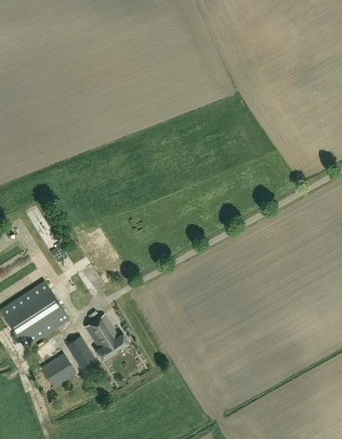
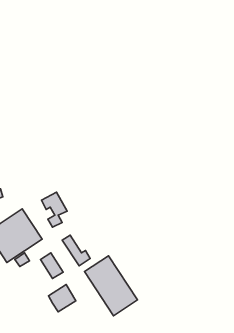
building: none -> [84,256,137,316]
building: [41,353,75,387] -> [48,285,76,312]

